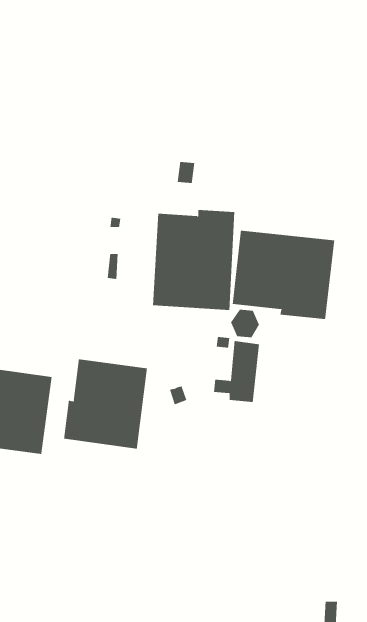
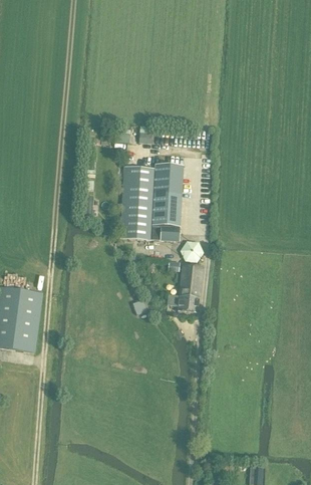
building: [232,230,335,320] -> none
building: [64,359,147,449] -> none

